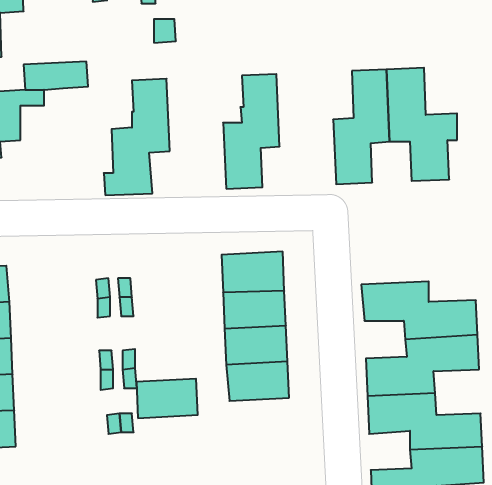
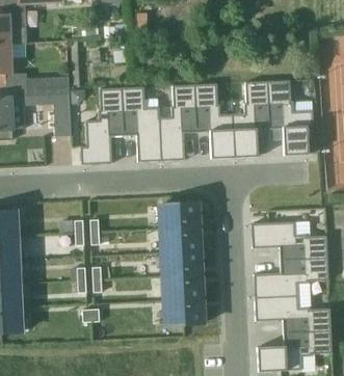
building: none -> [195,83,235,158]
building: none -> [123,86,162,161]
building: none -> [54,92,72,135]
building: [136,379,198,418] -> [164,298,205,324]

